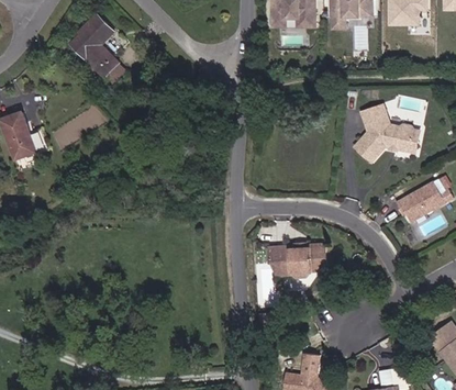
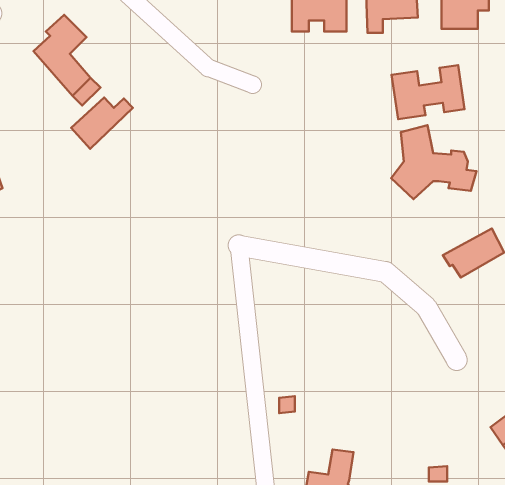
building: none -> [392,65,465,119]
building: none -> [71,97,133,149]
building: [274,242,329,271] -> none

